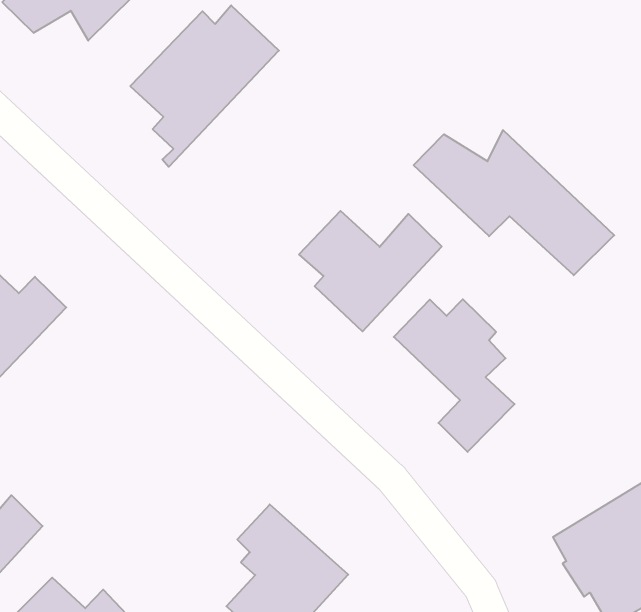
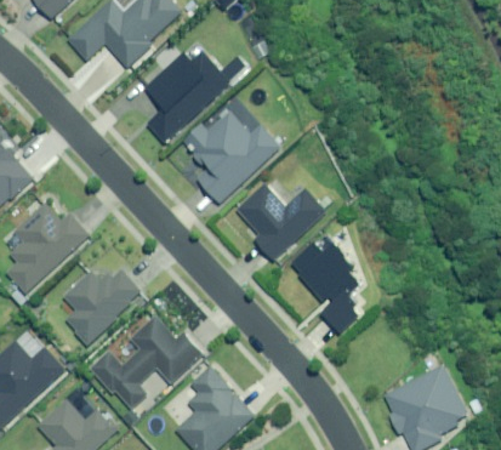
building: none -> [181,112,283,204]
building: [414,130,614,275] -> none
building: none -> [66,269,143,346]
building: none -> [91,315,205,408]

